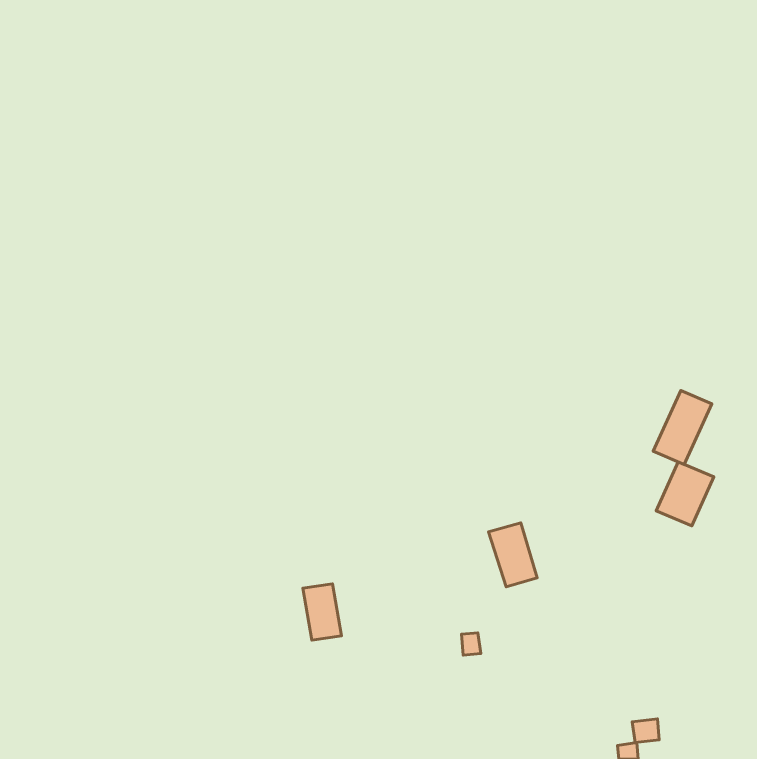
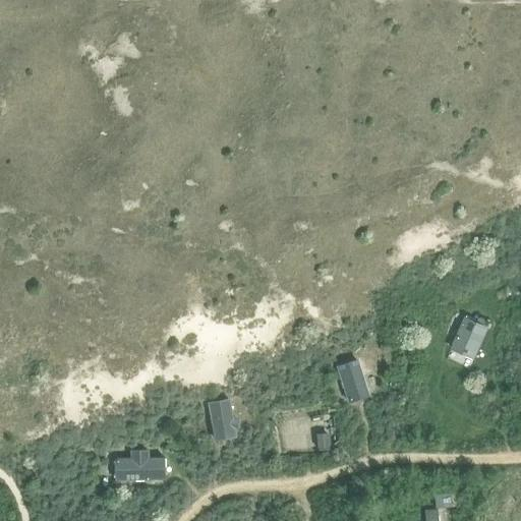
building: [653,390,712,464] -> none
building: none -> [113,451,165,479]

